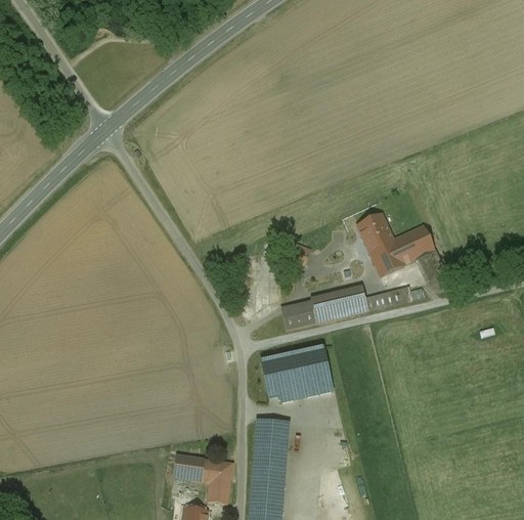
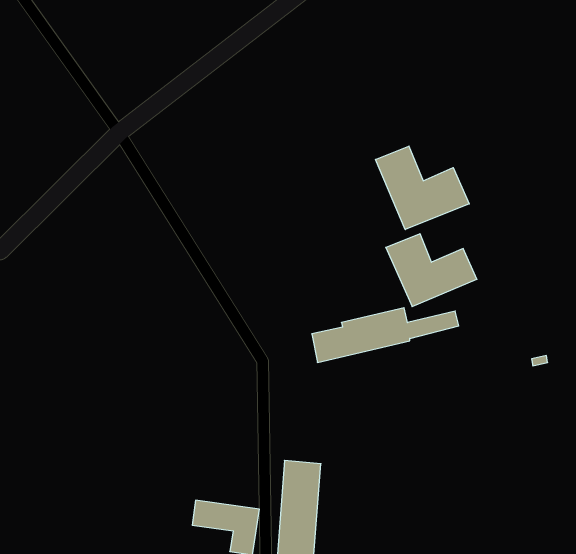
building: none -> [376,146,469,230]
building: [259,343,336,402] -> none

